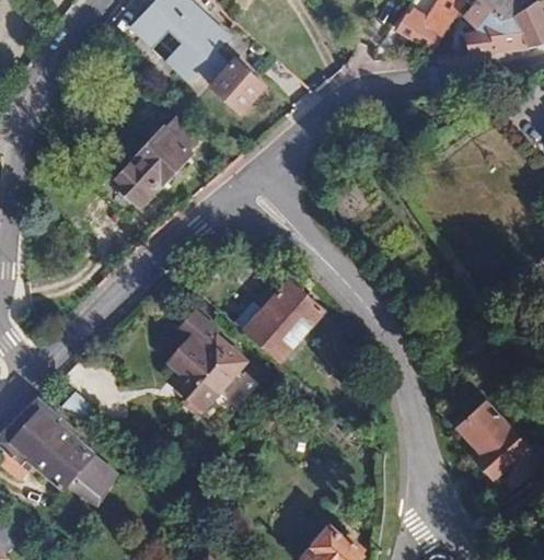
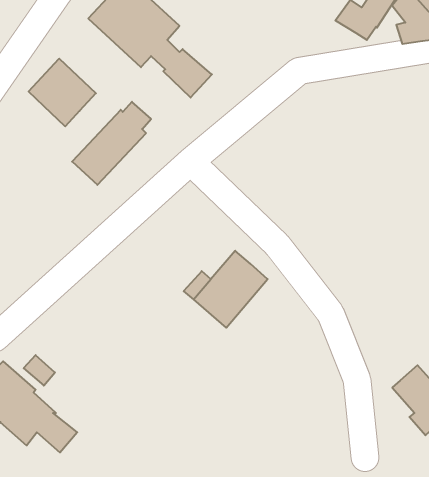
building: none -> [29,59,96,126]
building: [167,319,245,415] -> none

